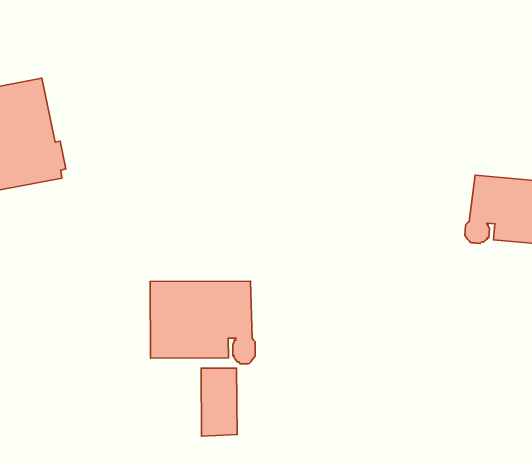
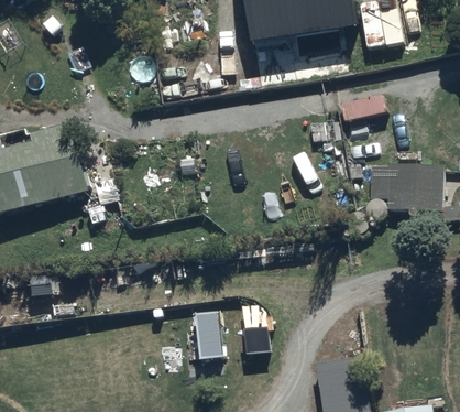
building: [150,281,255,364] -> none

